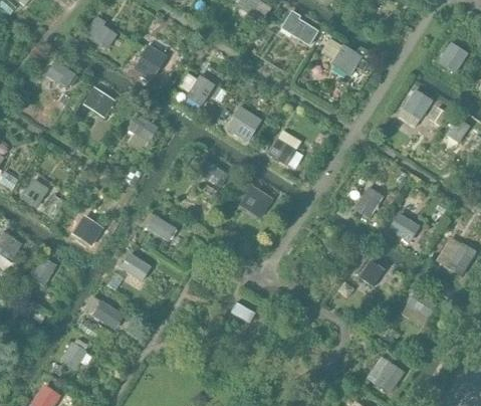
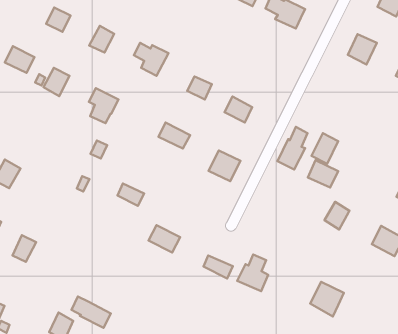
building: none -> [278,127,308,169]
building: [388,211,420,241] -> [308,160,338,188]
building: [69,215,101,245] -> none
building: [117,252,151,282] -> [149,225,180,253]
building: [84,294,125,330] -> [72,297,111,328]
building: none -> [237,254,268,291]
building: [368,356,404,393] -> [310,282,344,316]

